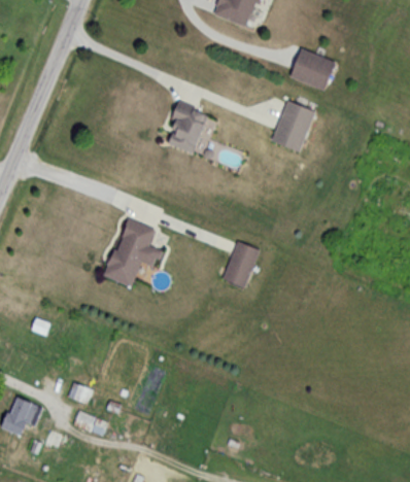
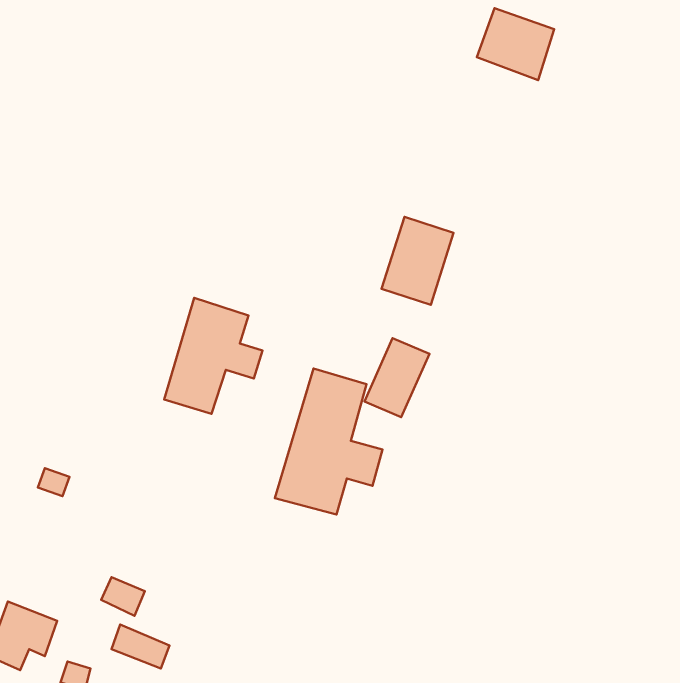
building: [163,100,207,153] -> none
building: [272,101,314,152] -> [382,217,454,305]
building: none -> [275,369,383,515]

